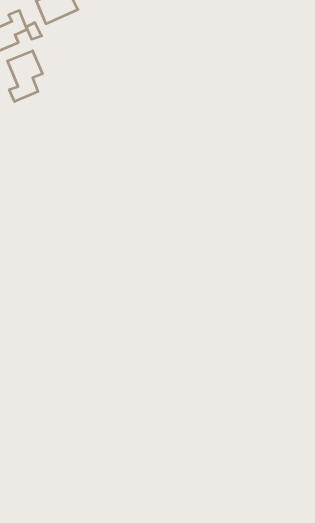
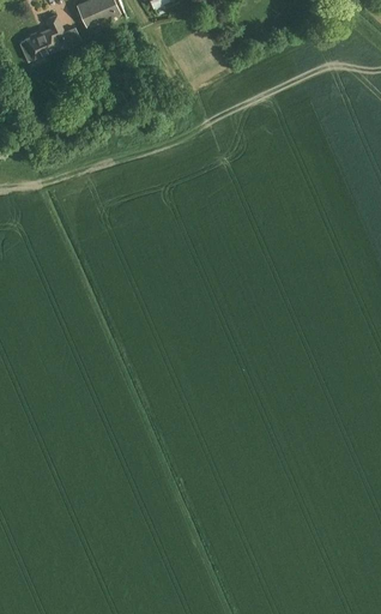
building: [7,51,42,102] -> none

